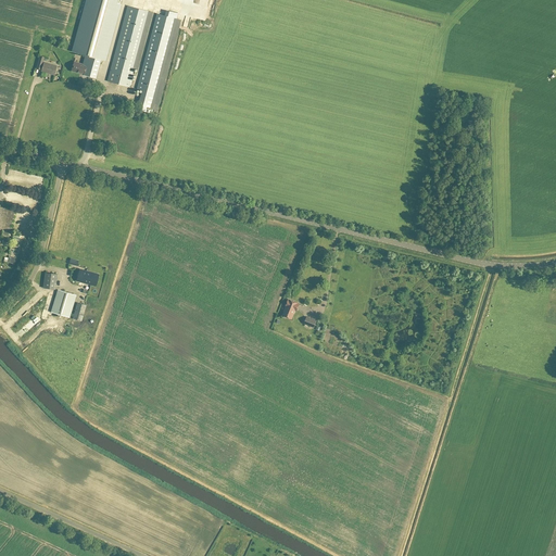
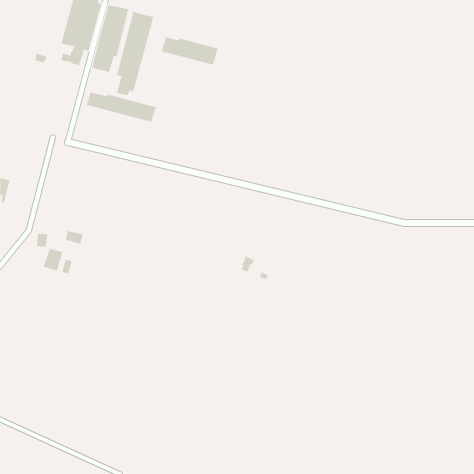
building: none -> [161,37,219,65]
building: none -> [86,92,156,123]

